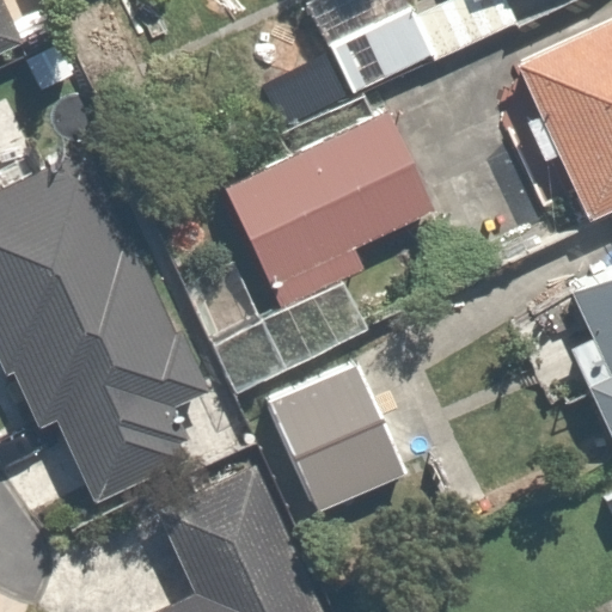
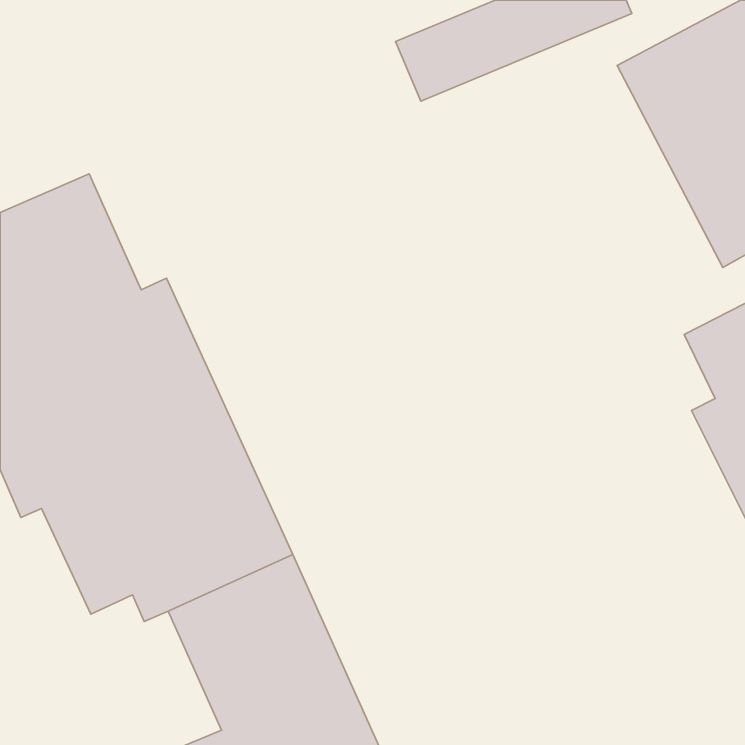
building: [227,116,427,314] -> none
building: [261,357,408,516] -> none

